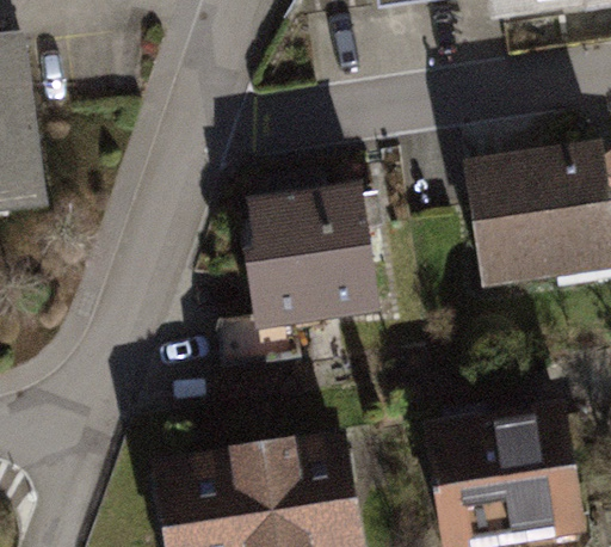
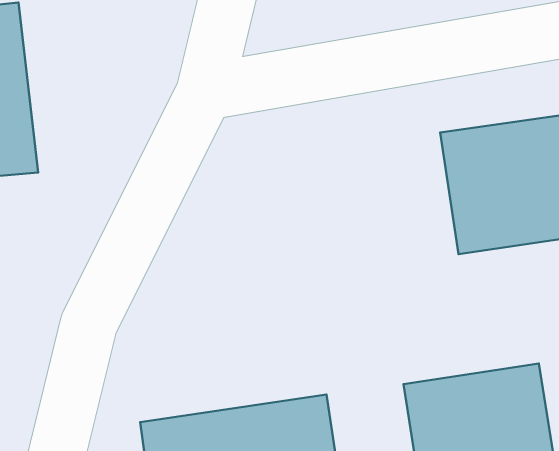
building: [243,188,379,326] -> none

